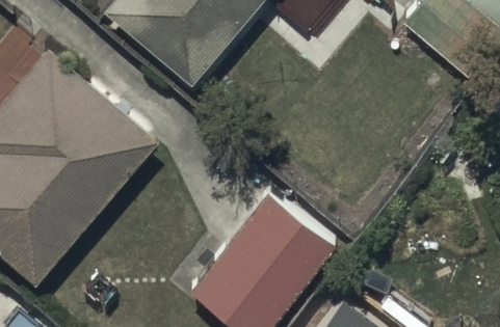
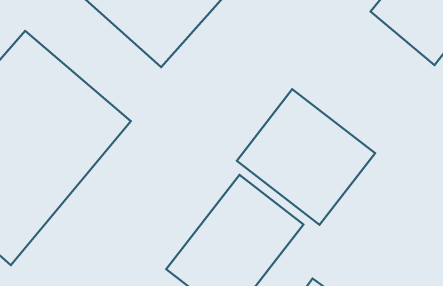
building: none -> [237,89,375,225]

